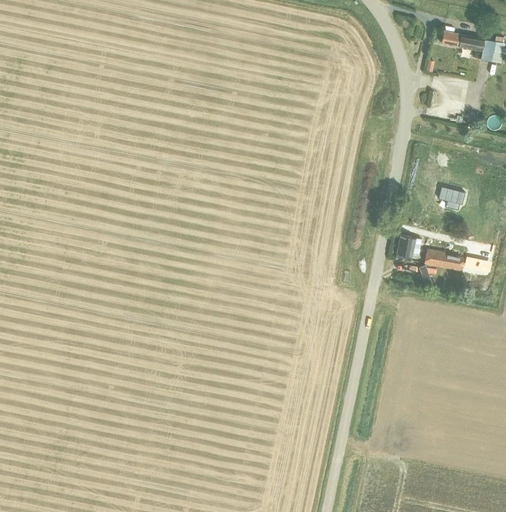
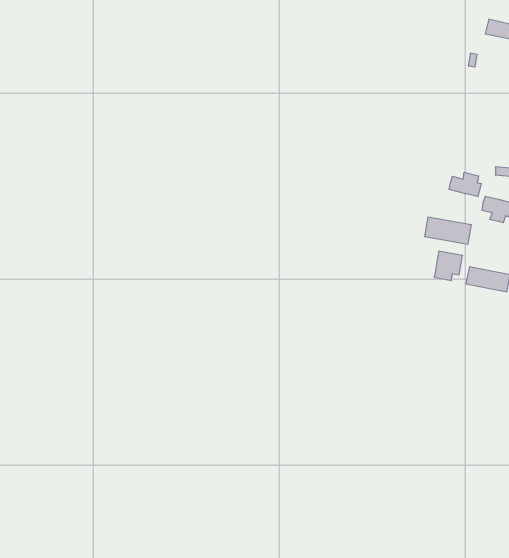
building: none -> [449,172,481,197]
building: none -> [425,217,471,244]

